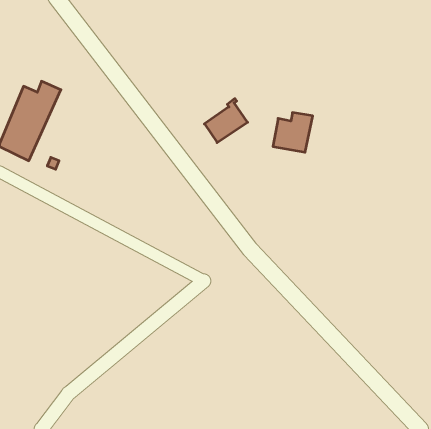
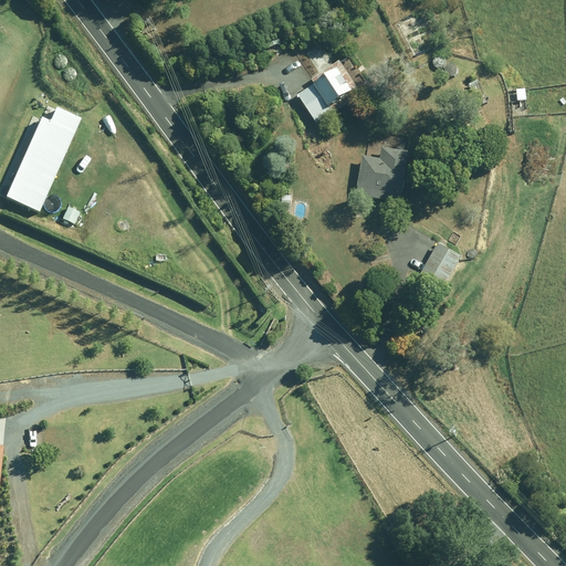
building: [204,99,248,143] -> [298,61,355,118]
building: none -> [421,243,461,287]

